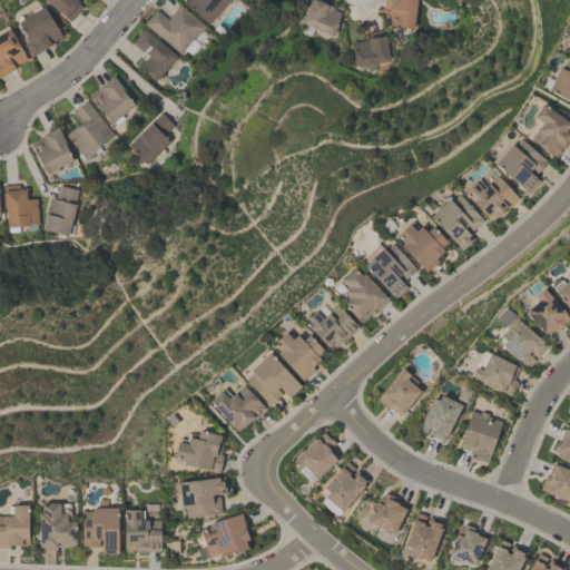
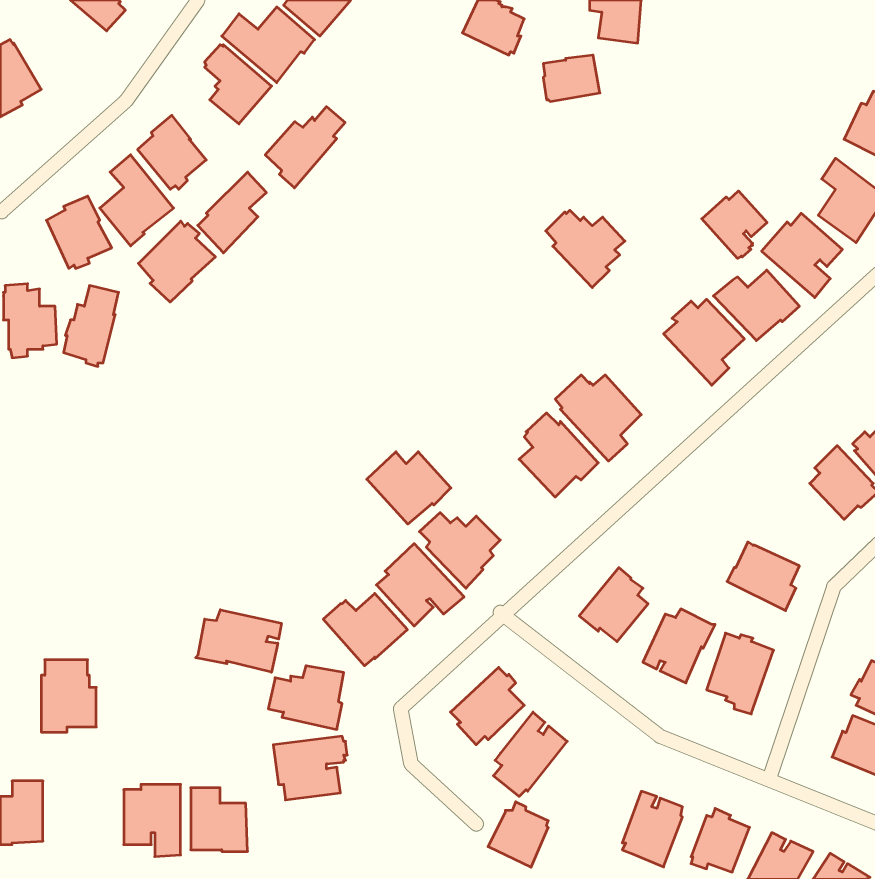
building: [20,6,63,56] -> none
building: none -> [265,107,345,188]
building: none -> [702,191,767,258]
building: none -> [138,221,215,302]
building: [397,222,449,272] -> [546,210,625,288]
building: [305,304,360,351] -> [367,452,451,524]
building: [497,307,549,367] -> none
building: none -> [196,610,281,672]
building: [368,492,407,534] -> [488,802,548,867]
building: [41,503,77,550] -> [41,660,96,732]
building: [202,513,250,557] -> none

